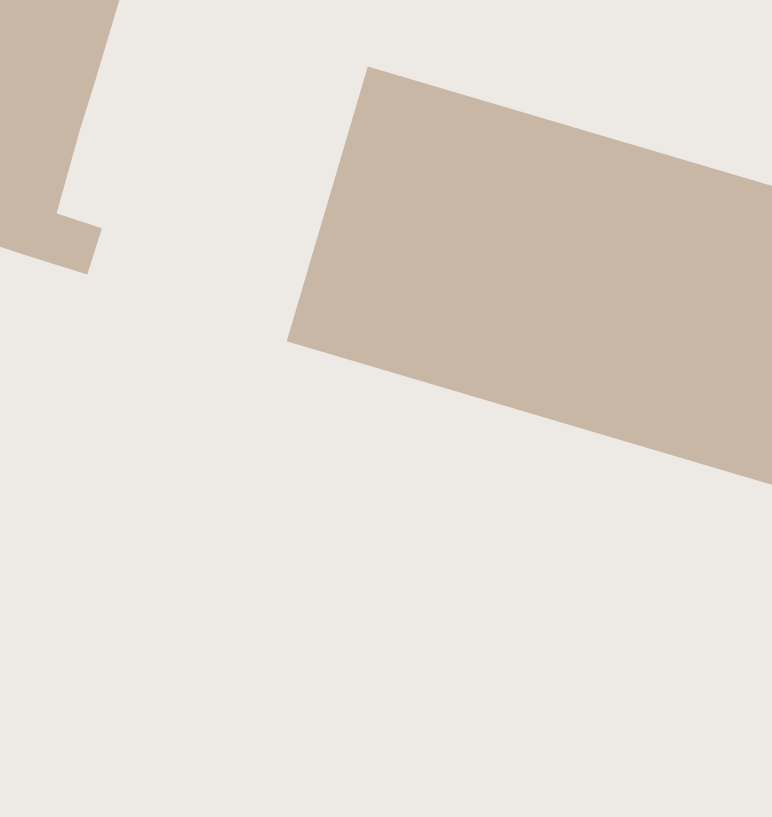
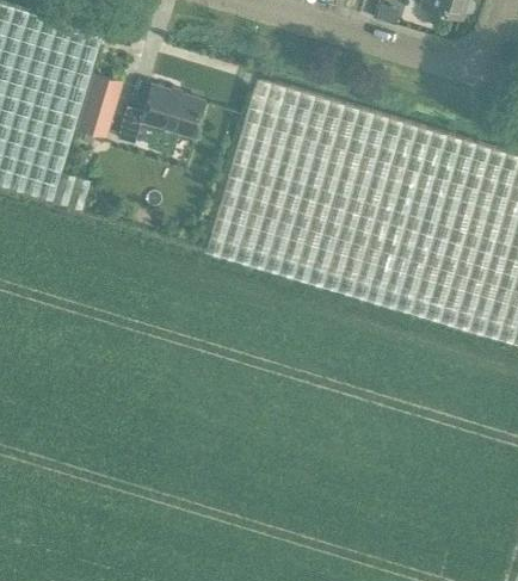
building: none -> [75,74,119,132]
building: none -> [116,85,202,144]

